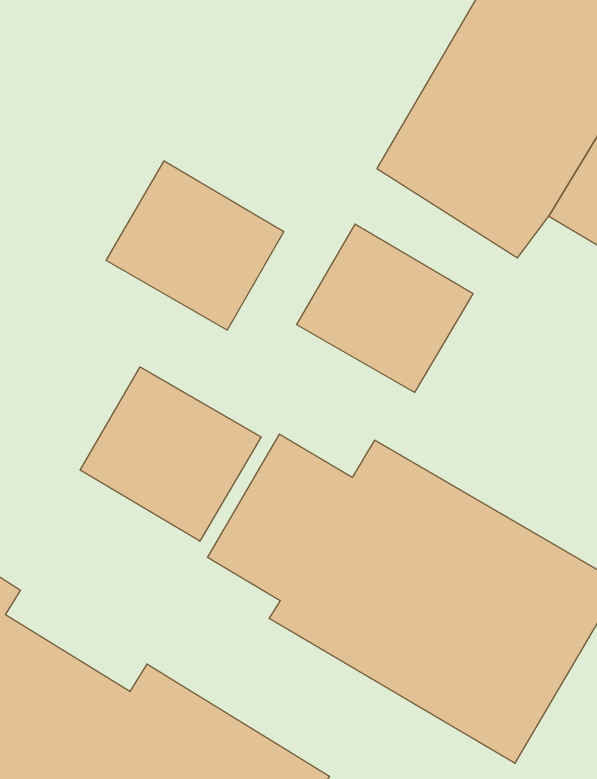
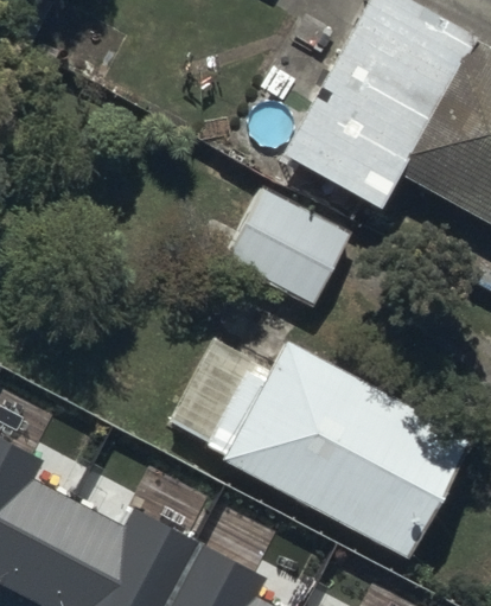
building: [106,161,284,330] -> none
building: [80,367,261,541] -> none

